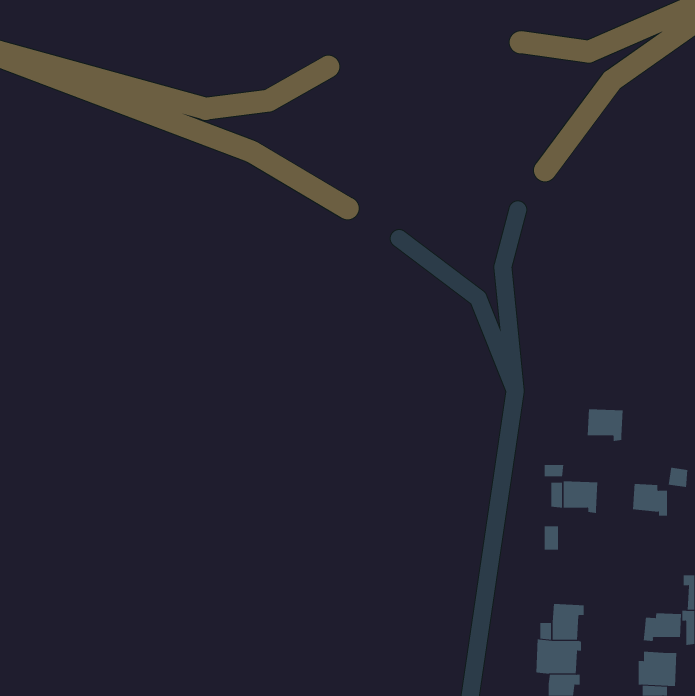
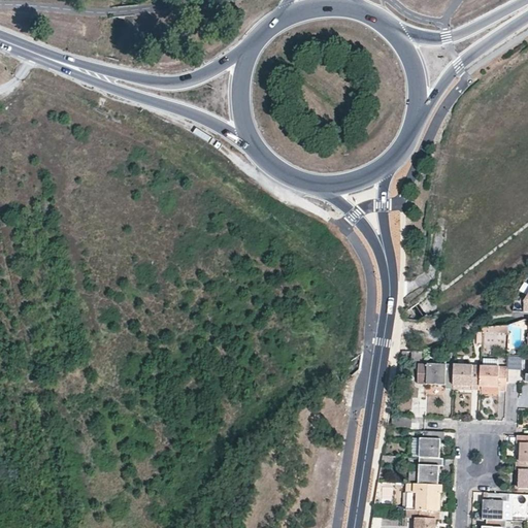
building: [587,409,624,441] -> [452,365,480,390]
building: none -> [419,431,443,458]
building: [643,613,681,642] -> none

